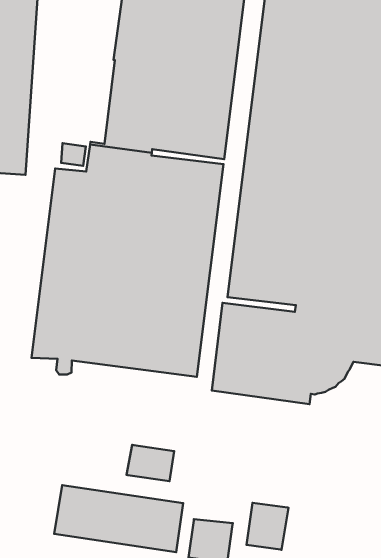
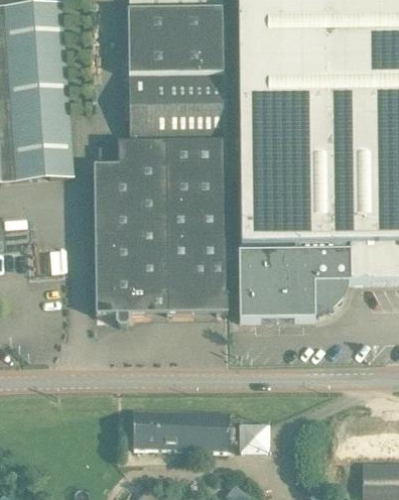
building: [126,445,174,481] -> none
building: [247,503,289,550] -> none

